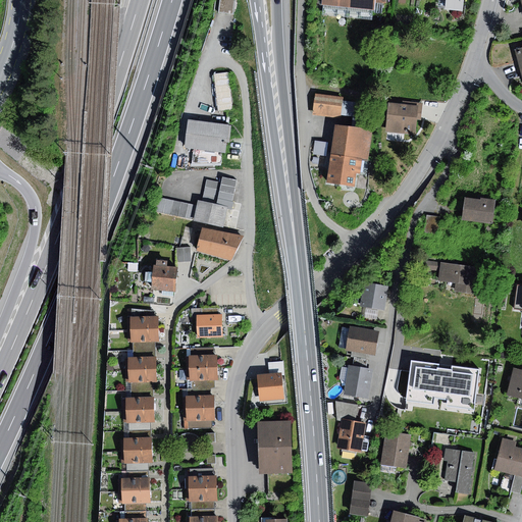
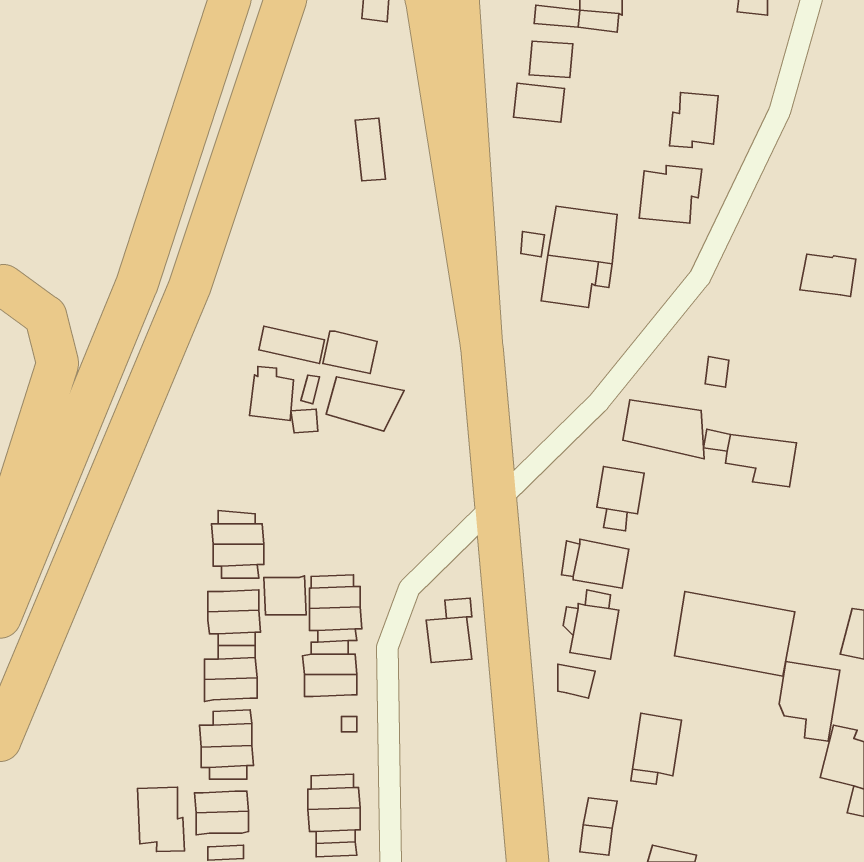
building: none -> [529,41,573,77]
building: none -> [669,92,718,148]
building: [313,94,344,117] -> [514,83,564,122]
building: [186,118,232,151] -> none
building: [202,176,237,207] -> none
building: [462,197,495,222] -> [800,254,856,297]
building: none -> [623,400,704,459]
building: [151,259,177,292] -> [249,366,293,421]
building: [197,313,222,336] -> [264,576,306,615]
building: [336,418,367,453] -> none
building: [258,420,292,473] -> none
building: [441,447,478,494] -> [779,662,840,741]
building: none -> [138,787,184,852]

